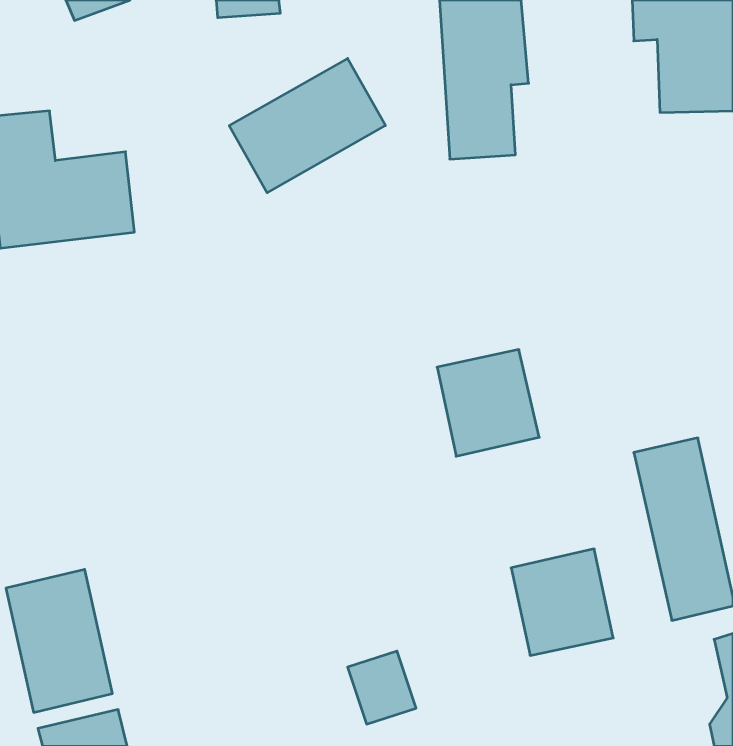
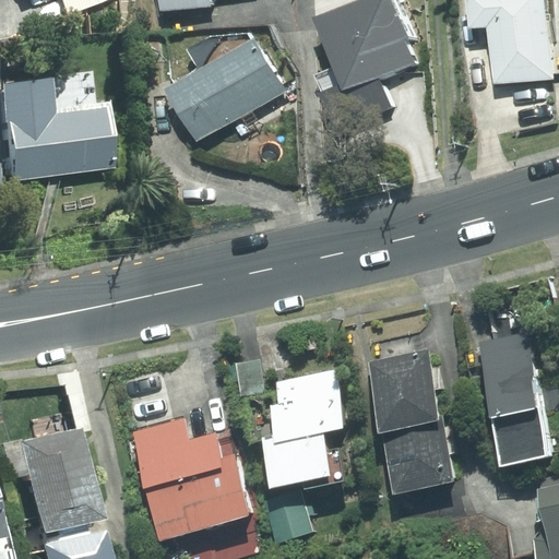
building: [437,350,539,456] -> [368,345,444,425]
building: none -> [263,366,346,484]
building: none -> [130,416,248,539]

